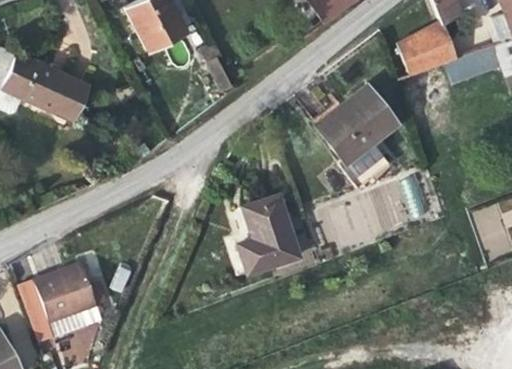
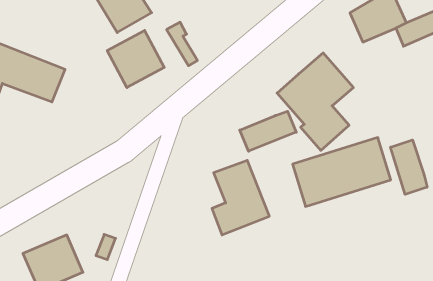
building: none -> [107,30,164,88]
building: none -> [240,111,296,151]
building: none -> [391,140,427,194]

